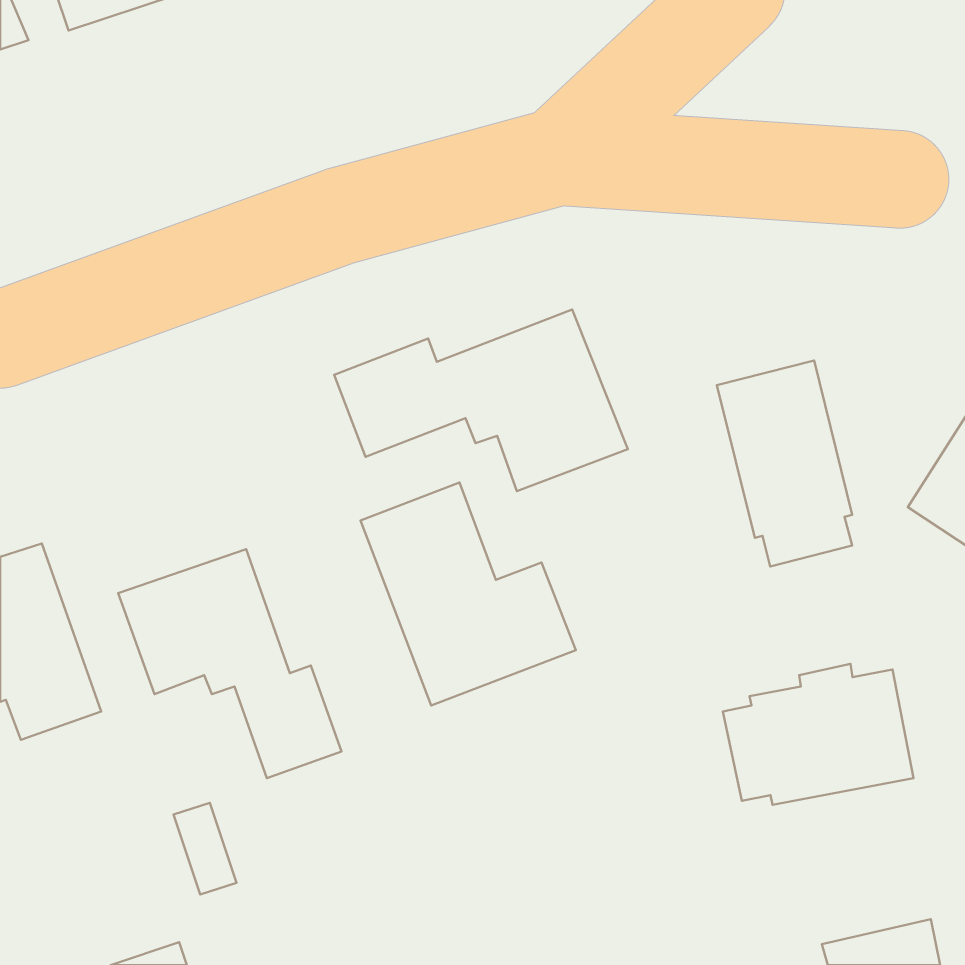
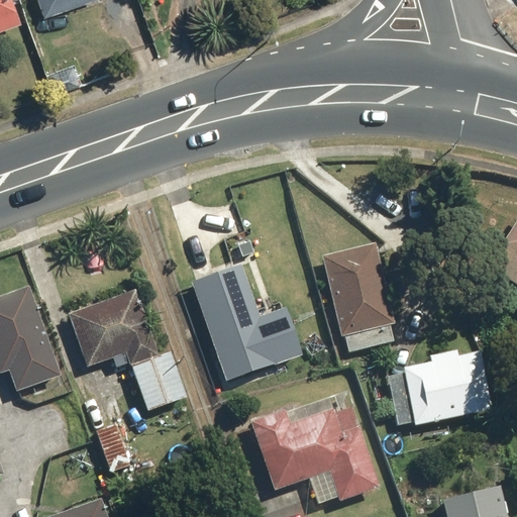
building: [334,309,628,491] -> none
building: [717,360,852,566] -> [322,243,394,352]
building: none -> [250,391,380,505]

